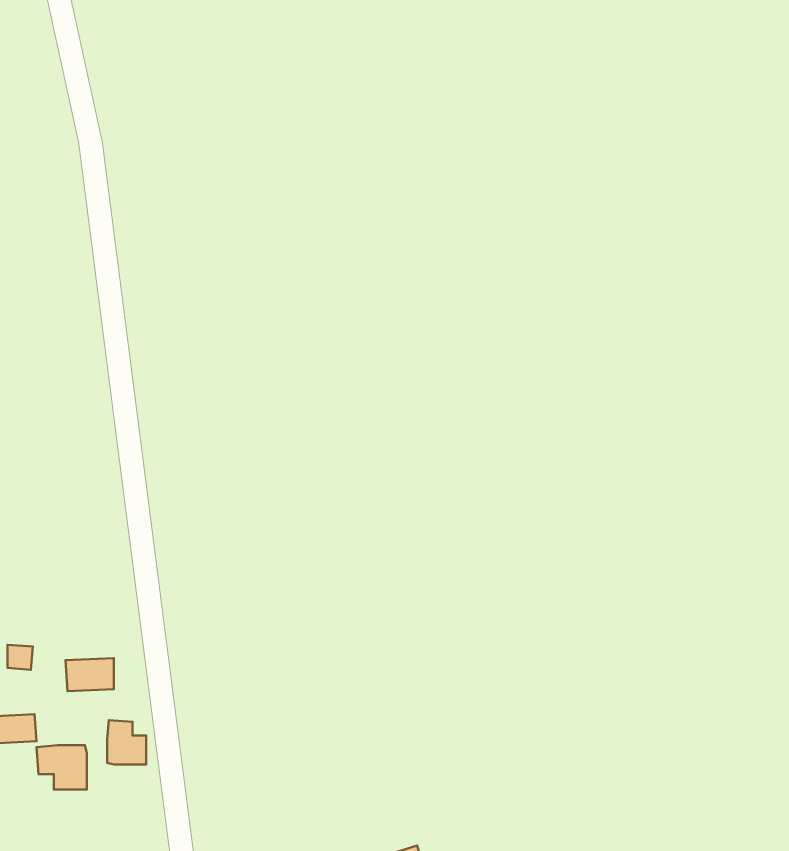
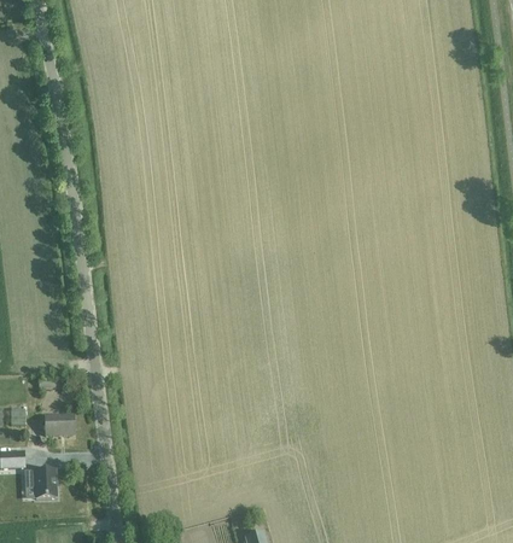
building: [107,720,146,765] -> none

